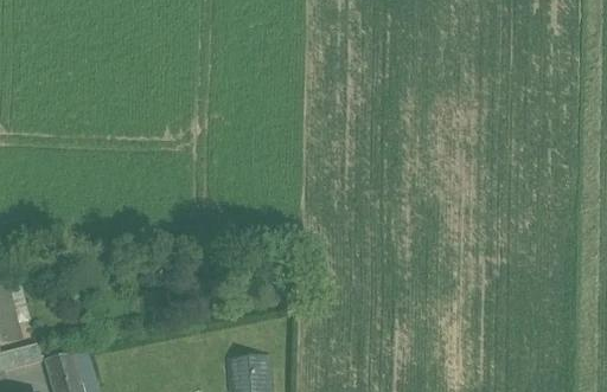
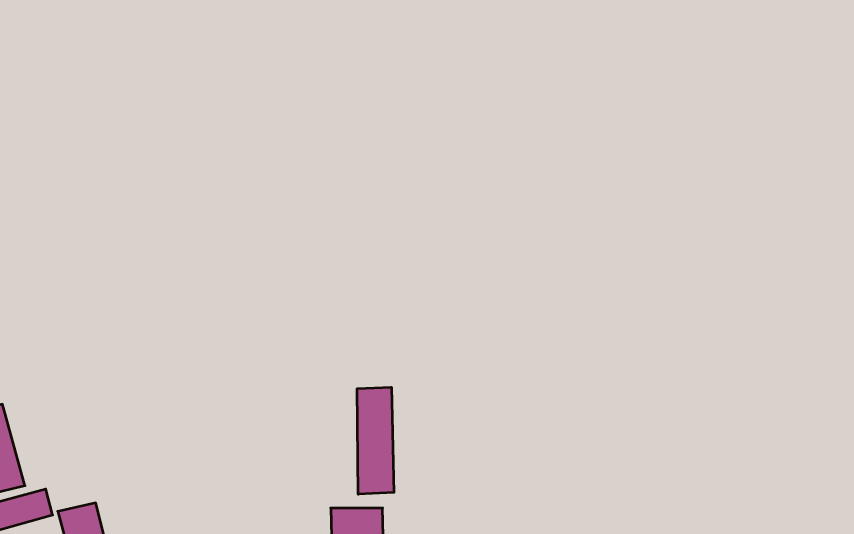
building: none -> [357,387,394,494]

